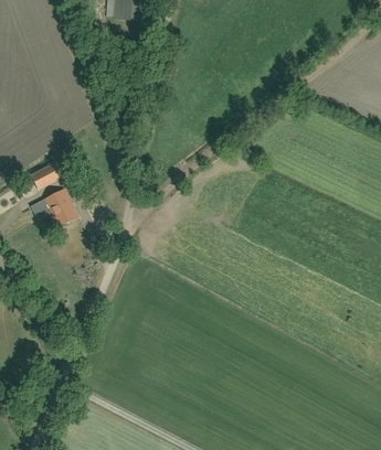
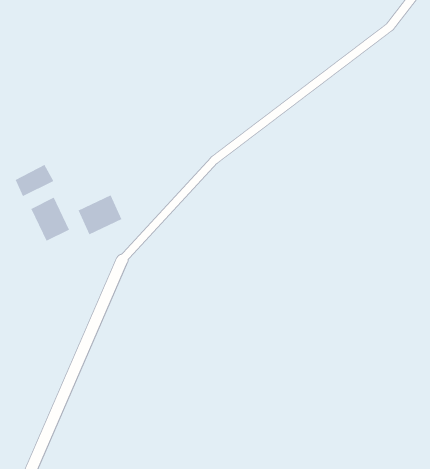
building: none -> [78,195,122,235]

